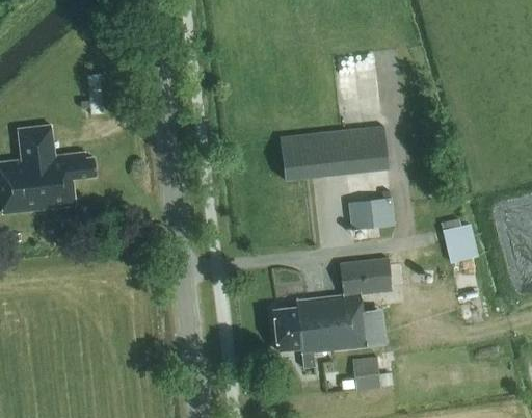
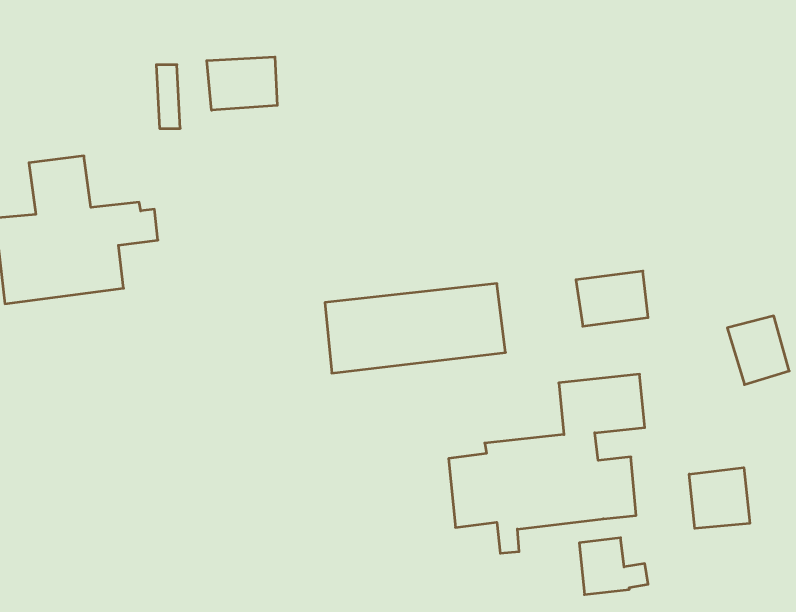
building: none -> [207,57,277,110]
building: [280,126,389,180] -> [325,284,506,373]
building: none -> [689,468,750,528]

